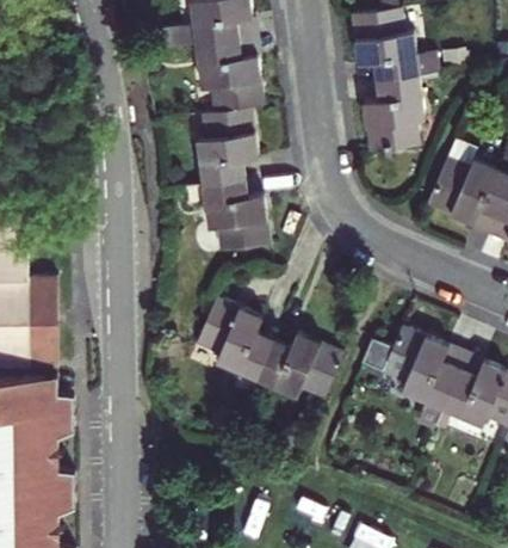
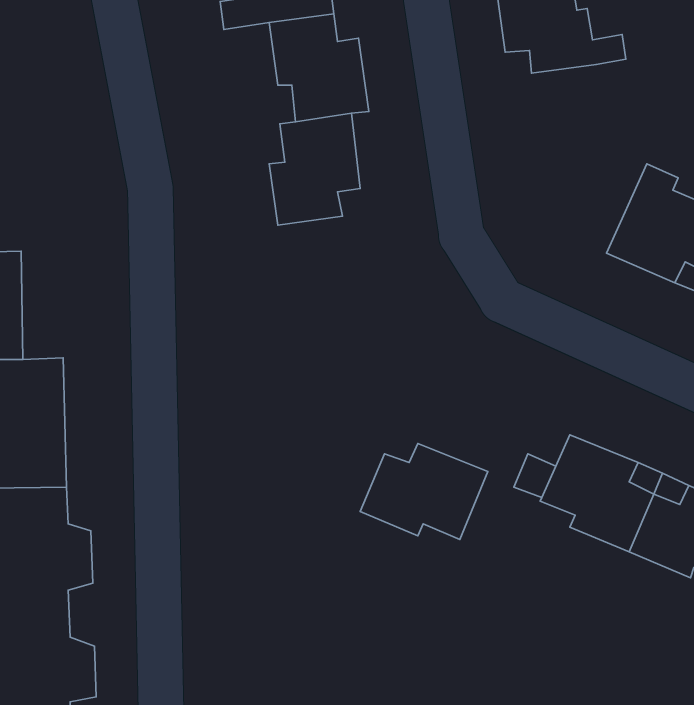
building: [363,74,425,153] -> none
building: [185,178,270,251] -> none
building: [196,298,274,380] -> none

